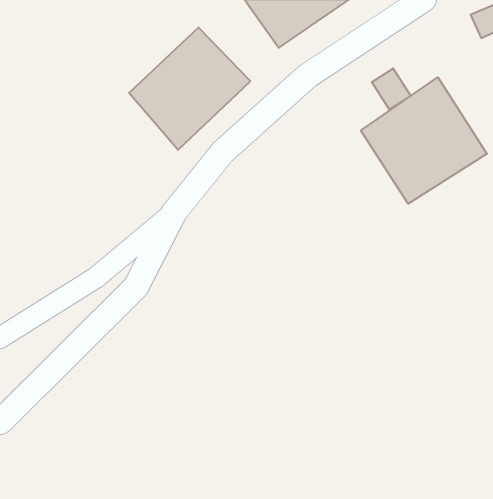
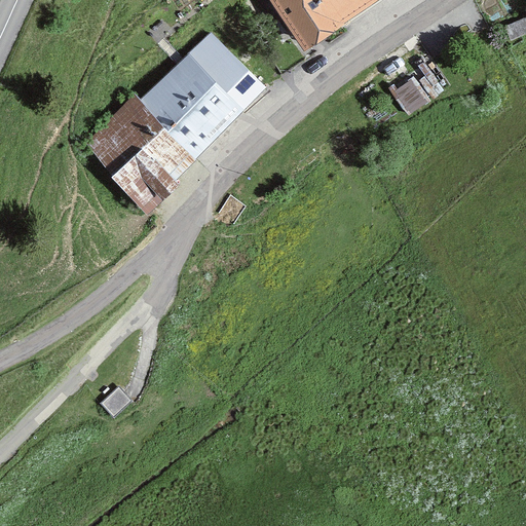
building: [361,77,487,204] -> none
building: none -> [89,89,194,215]

